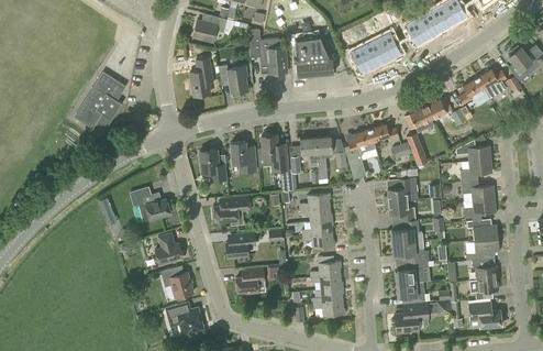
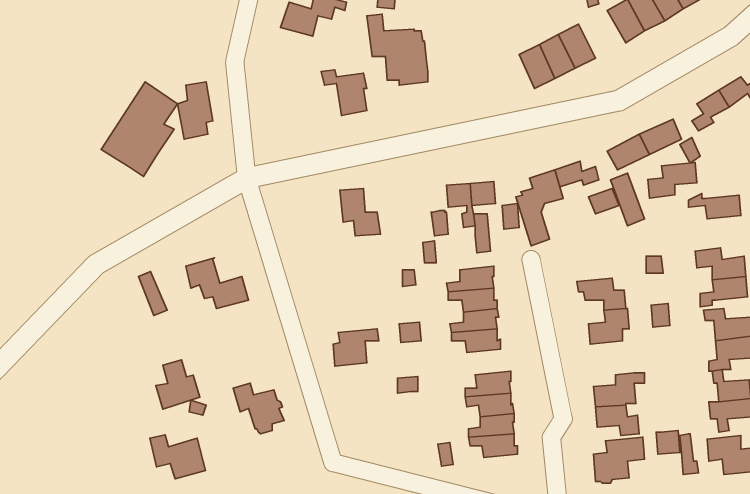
building: [293,34,337,78] -> none
building: [190,61,213,98] -> [177,82,213,139]
building: [258,135,289,172] -> none
building: [200,150,228,182] -> none
building: [461,160,492,183] -> [648,163,697,198]
building: [385,178,418,202] -> none
building: [217,197,251,226] -> none
building: [155,233,184,265] -> [156,360,200,409]
building: [394,241,422,263] -> none
building: [236,268,264,294] -> none
building: [167,306,203,334] -> [150,435,206,479]

